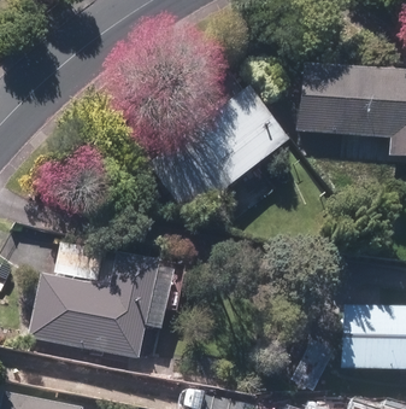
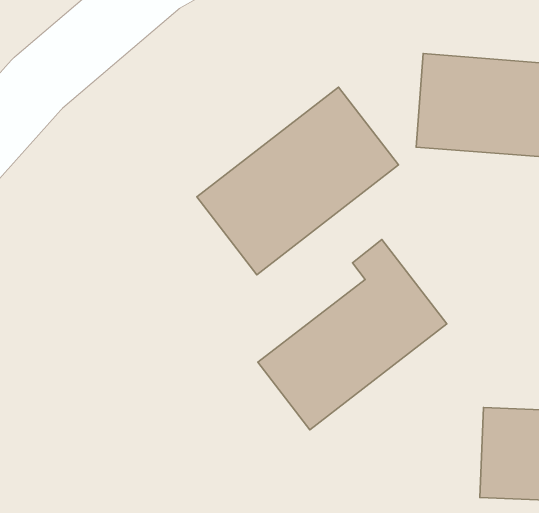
building: none -> [258,240,447,430]
building: [31,256,157,356] -> none

